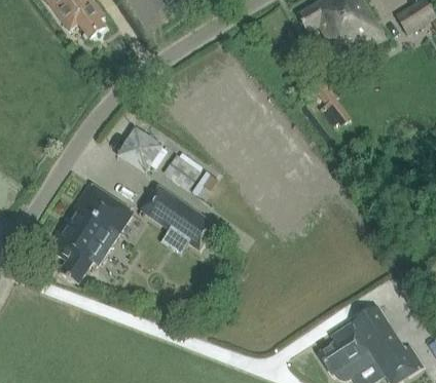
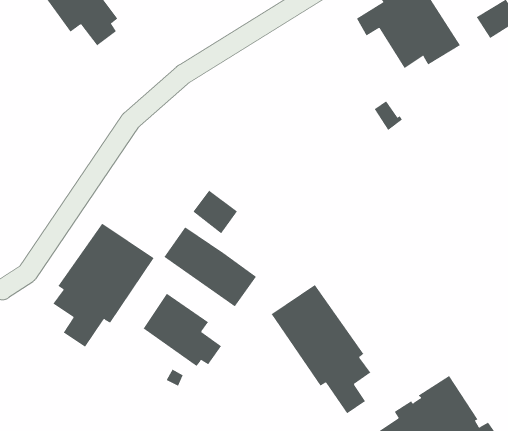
building: [117,127,170,178] -> none
building: none -> [271,284,371,414]
building: none -> [143,293,222,367]

